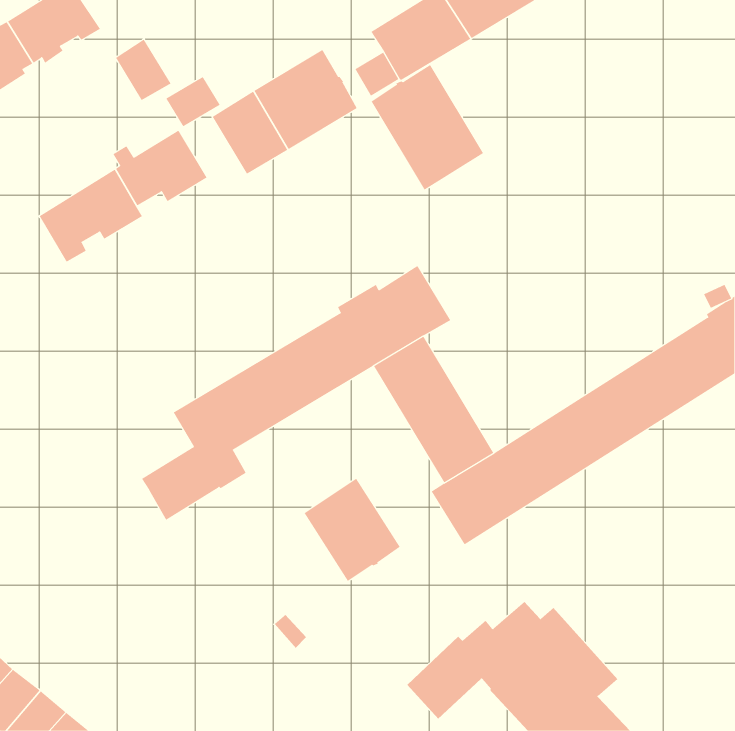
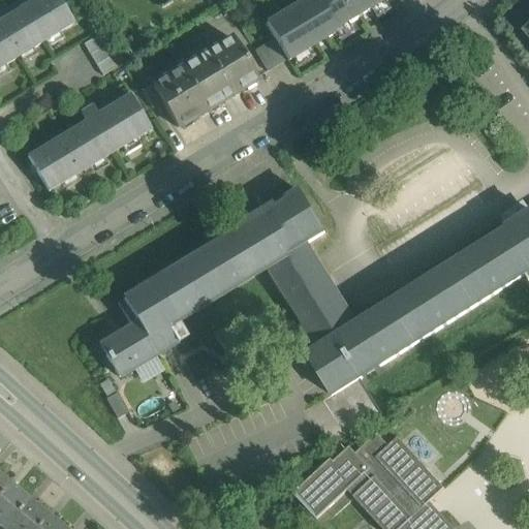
building: [371,64,484,190] -> none
building: [166,76,221,127] -> none
building: [304,478,400,582] -> none

